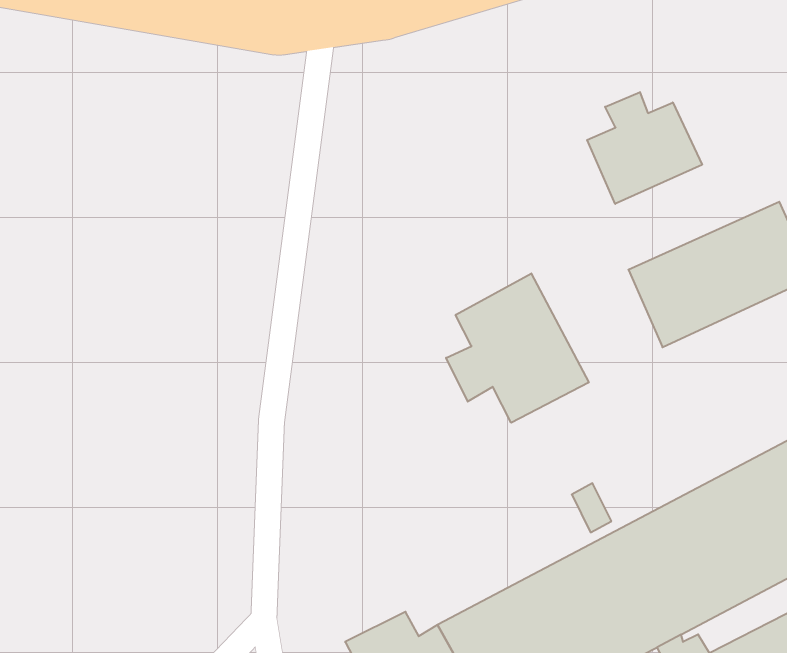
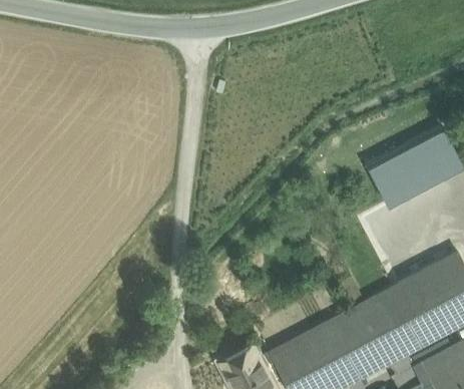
building: [587,92,702,204] -> none
building: [446,273,589,423] -> none

